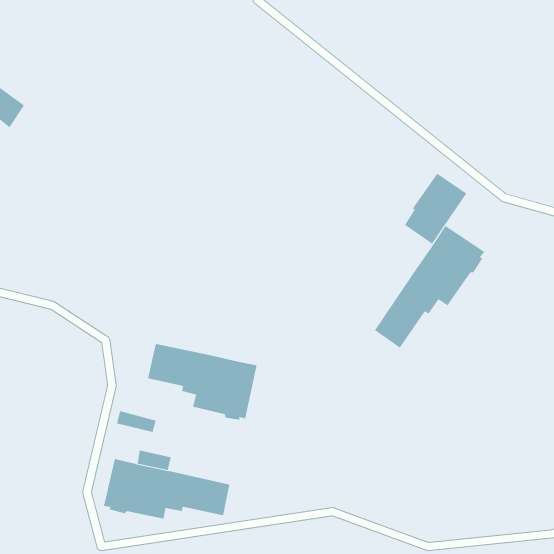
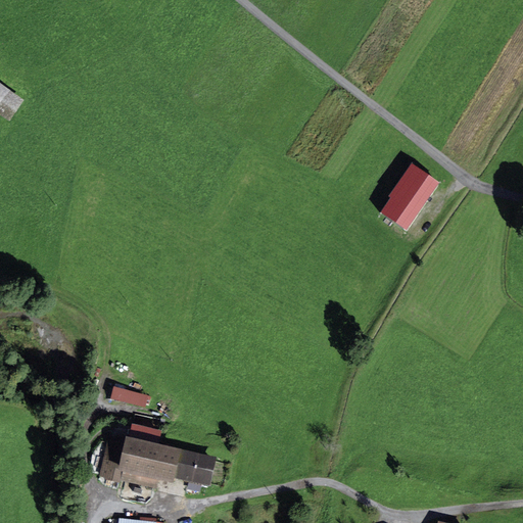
building: [374,225,485,348] -> none
building: [147,343,257,420] -> none

